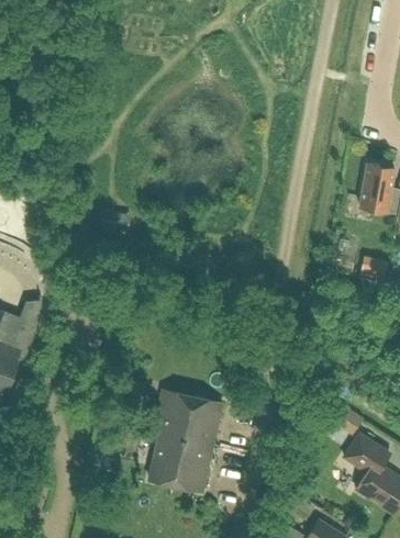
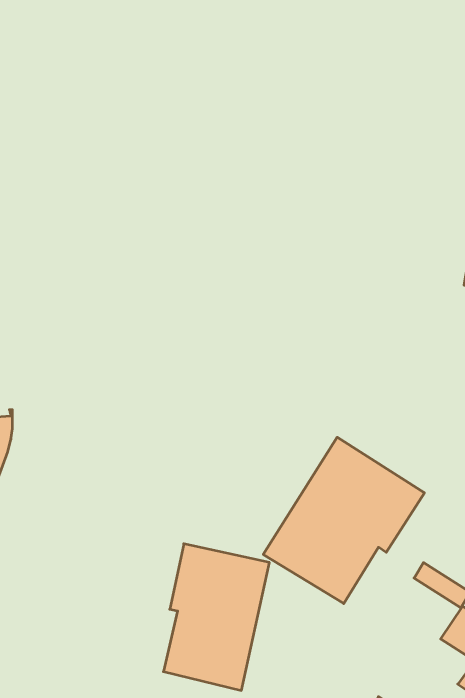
building: none -> [263,437,424,604]

